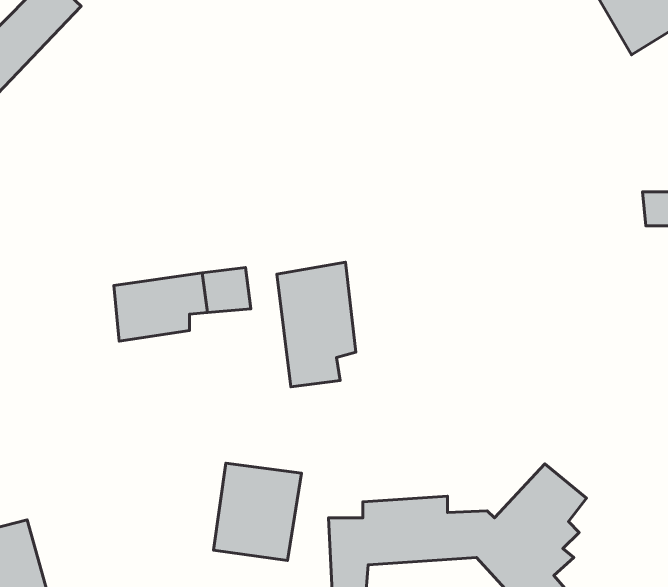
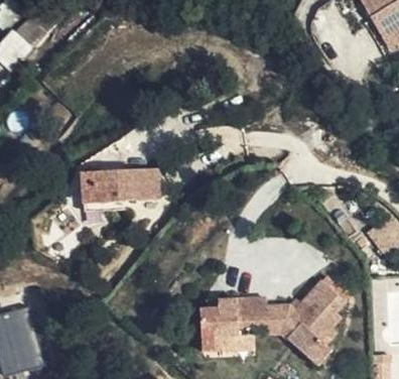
building: [277,262,356,387] -> none
building: [213,463,302,560] -> none

